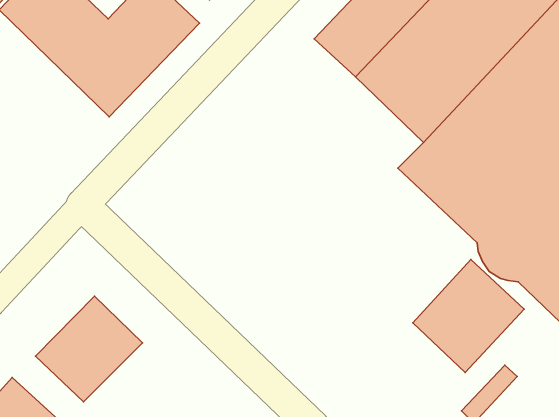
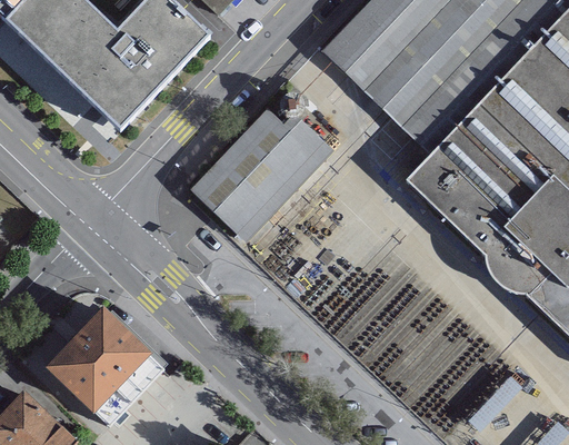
building: none -> [190,108,332,241]
building: [413,259,524,373] -> none

